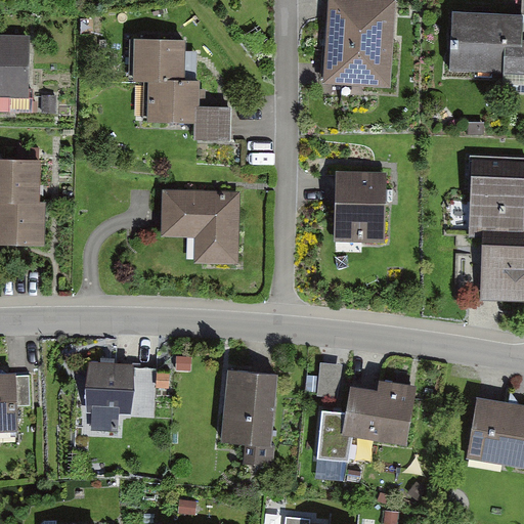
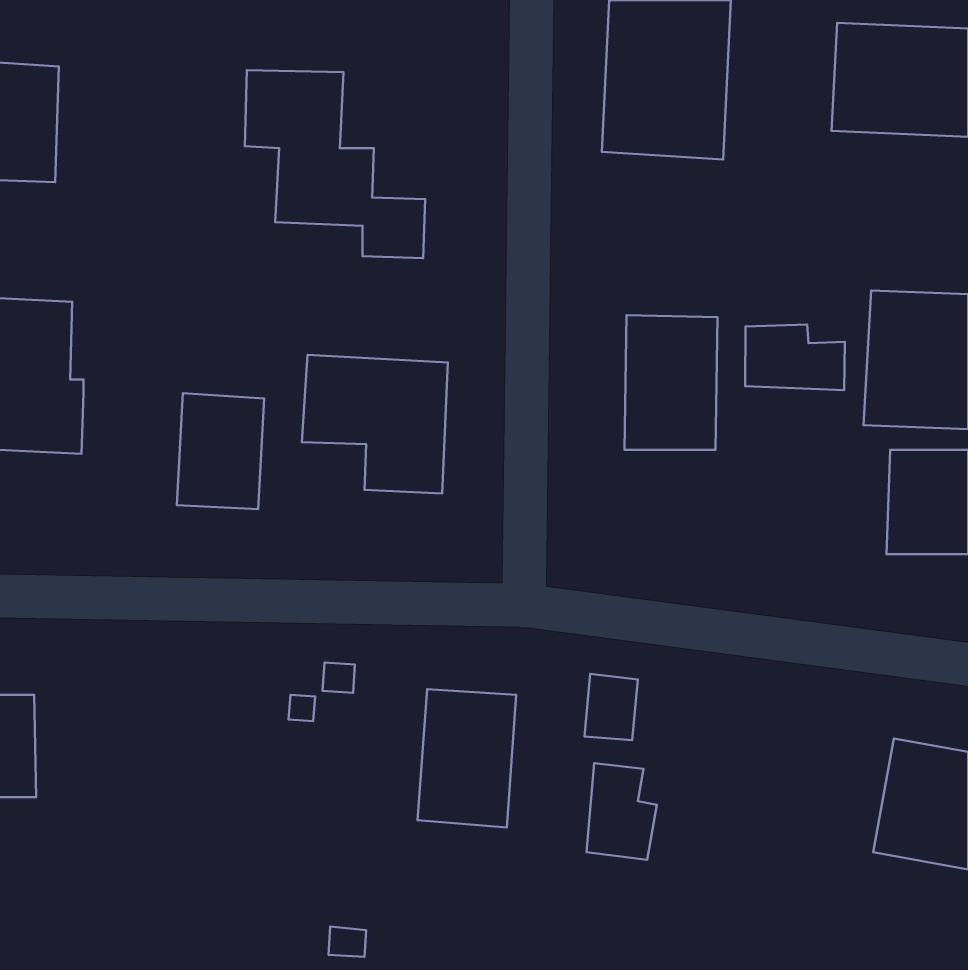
building: none -> [745,324,845,390]
building: none -> [177,393,264,509]
building: [85,359,137,433] -> none
building: [344,379,414,443] -> none

